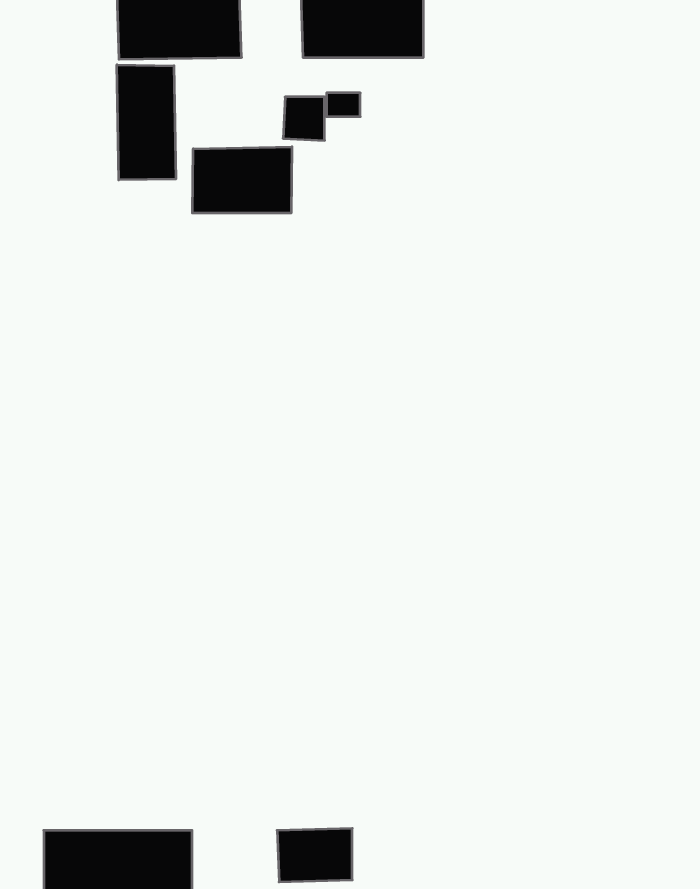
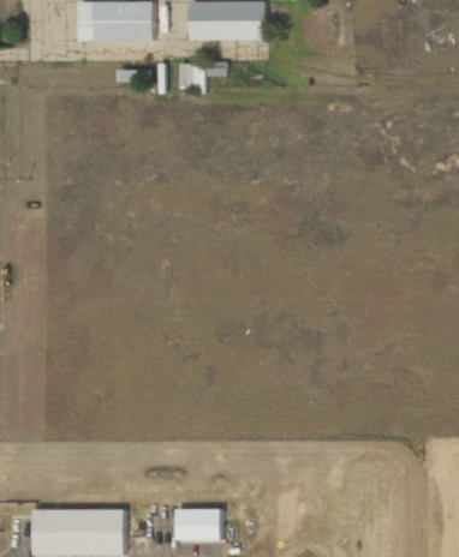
building: [117,65,176,180] -> none
building: [192,147,292,213] -> none

